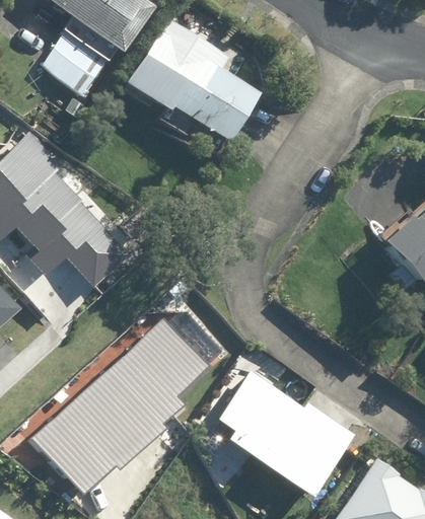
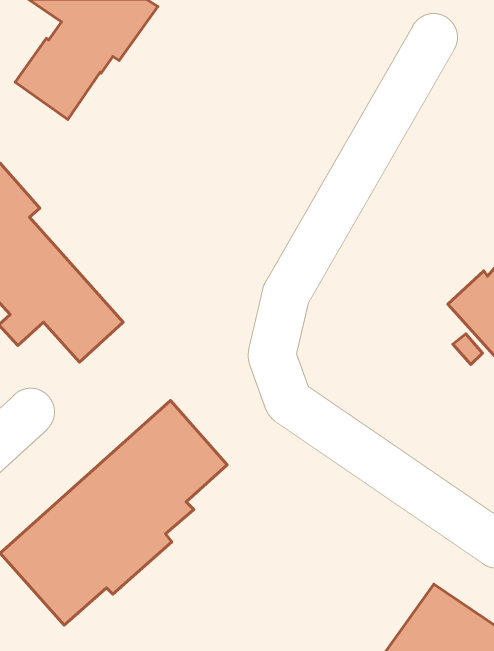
building: [131,19,262,140] -> none
building: [214,373,355,504] -> none

